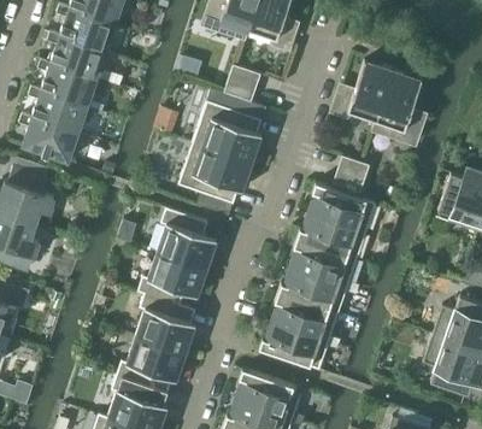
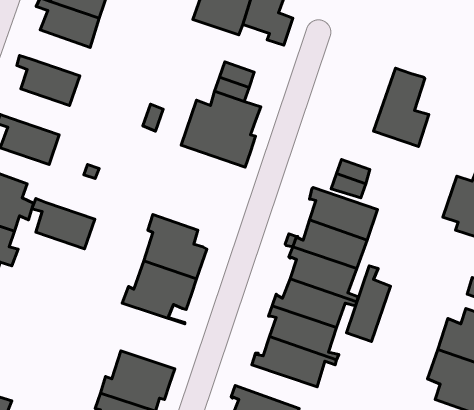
building: [47,33,106,78] -> none
building: [331,61,393,130] -> none
building: [28,87,87,134] -> [32,199,95,249]
building: [177,143,252,213] -> none
building: none -> [346,266,390,341]
building: [135,292,195,353] -> none

